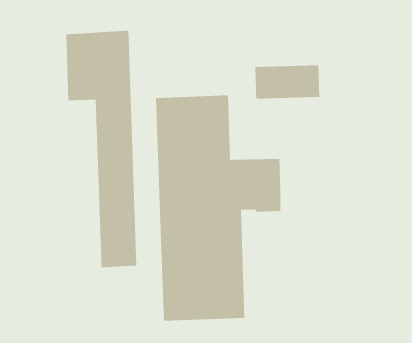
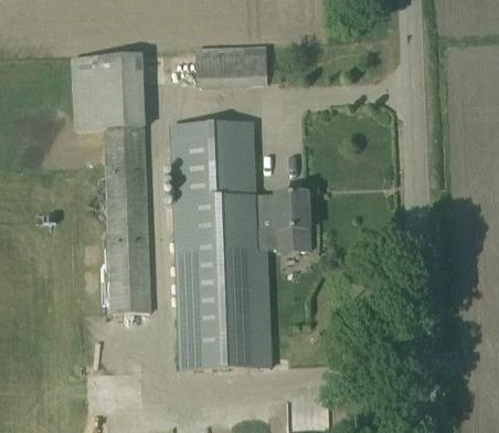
building: [255,65,320,99] -> [195,46,267,84]

